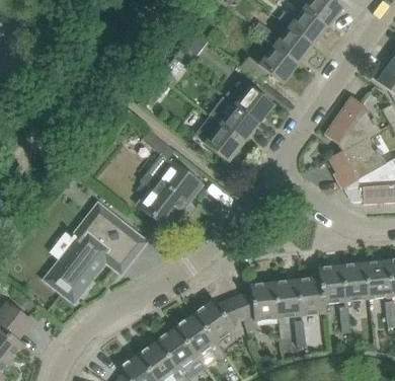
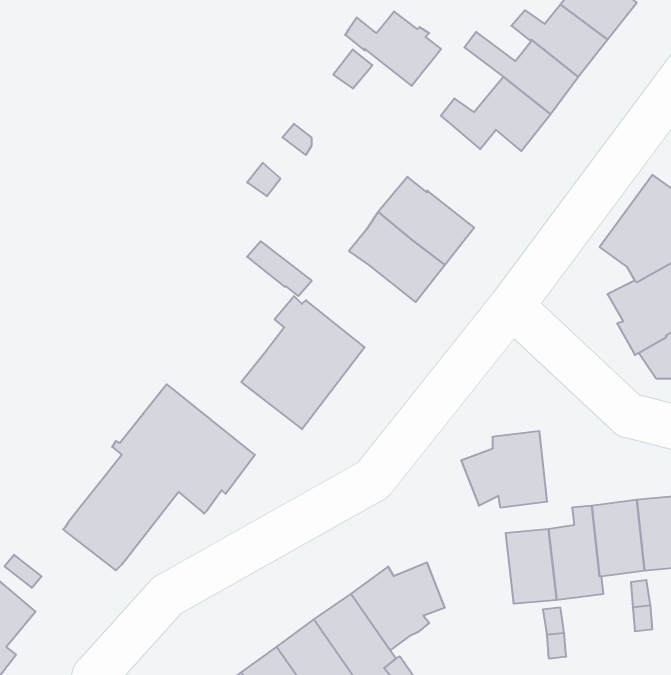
building: [224,85,273,124] -> [345,11,441,86]
building: [234,282,279,321] -> [461,431,547,507]

